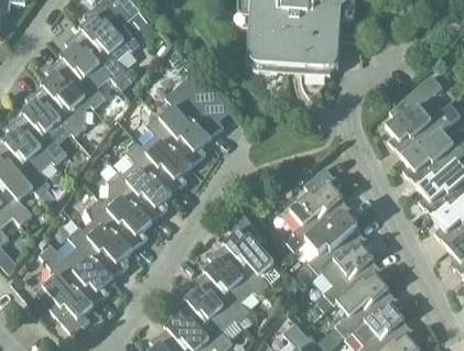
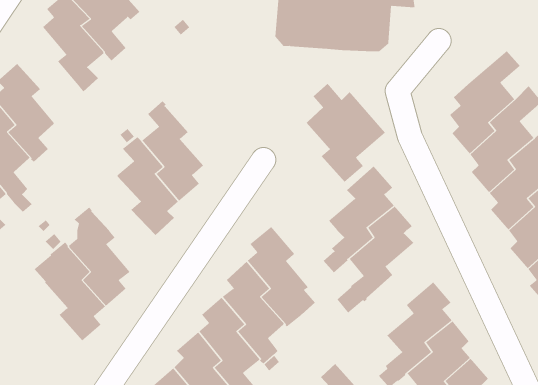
building: [41,55,90,135] -> none
building: [159,86,223,165] -> [306,83,386,182]
building: [100,169,151,250] -> none
building: [315,227,373,310] -> none
building: [35,243,93,334] -> none

